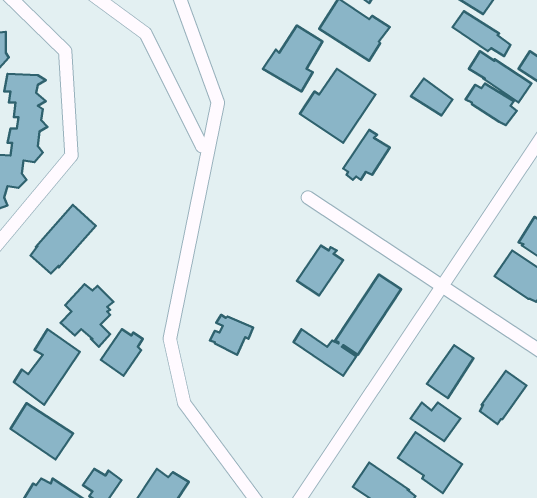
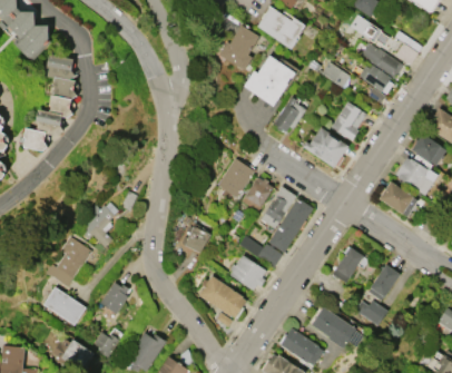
building: none -> [332,101,367,140]
building: none -> [303,127,348,167]
building: [30,205,96,273] -> none
building: none -> [217,157,255,199]
building: none -> [261,186,296,228]
building: [101,329,143,376] -> [100,282,129,314]
building: none -> [229,254,267,291]
building: none -> [198,275,247,317]
building: [411,403,460,441] -> [354,300,389,326]

